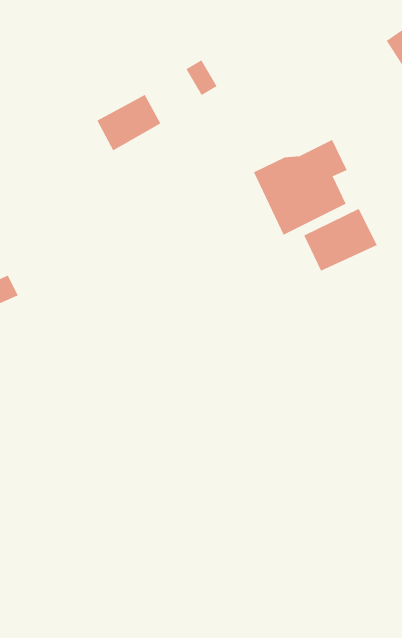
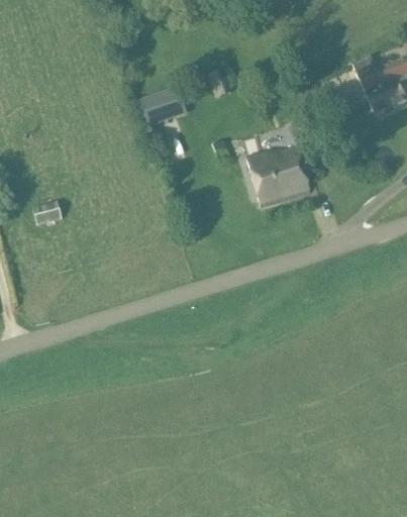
building: [303,208,378,271] -> none

